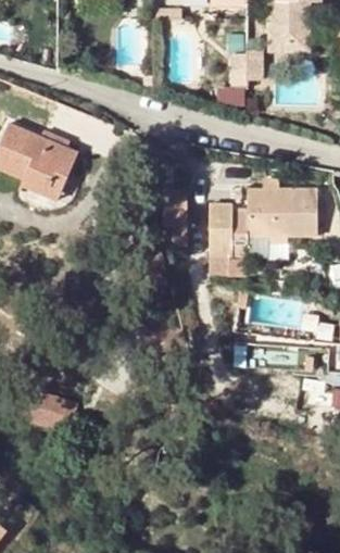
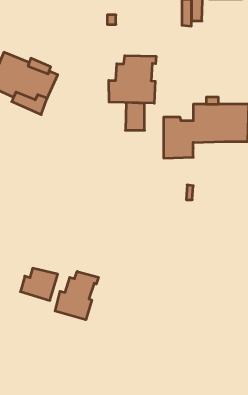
building: none -> [109,56,156,103]
building: none -> [55,271,98,320]

